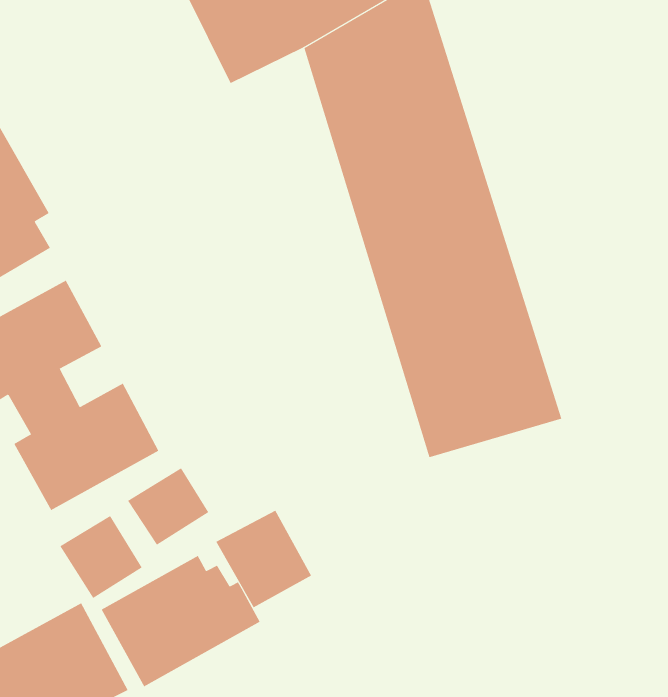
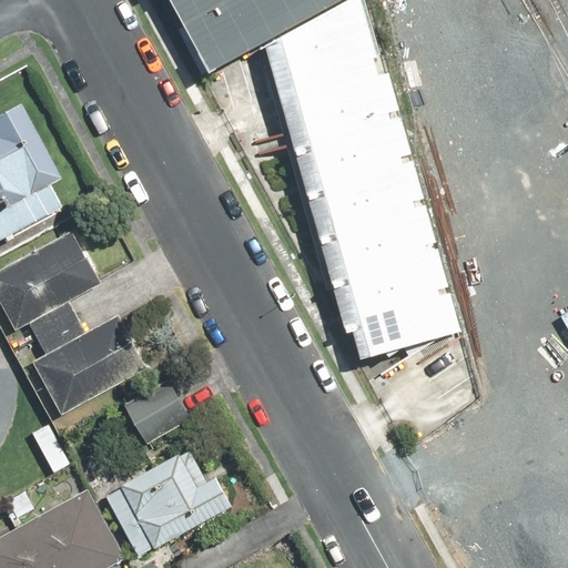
building: [216,510,312,608] -> none
building: [59,515,143,599] -> none

